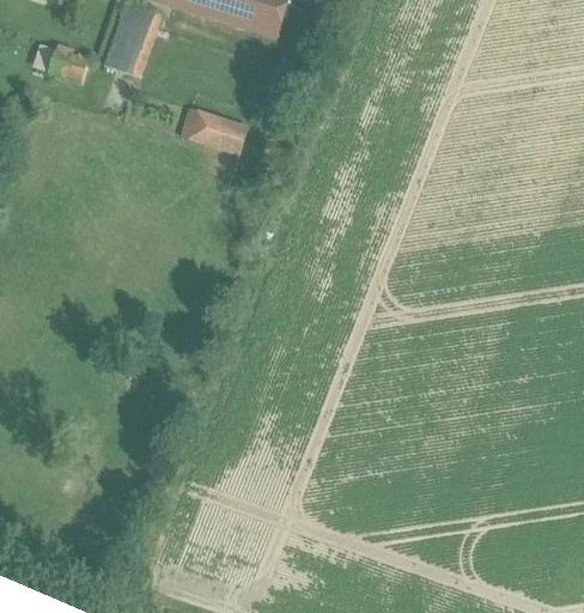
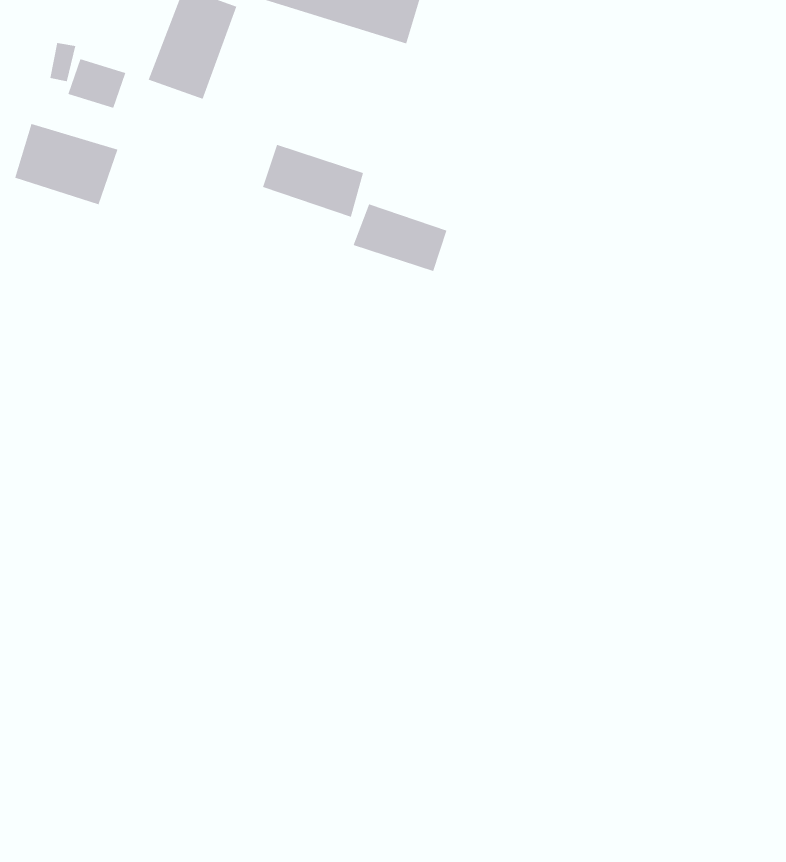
building: none -> [14,123,118,205]
building: none -> [353,203,447,272]

